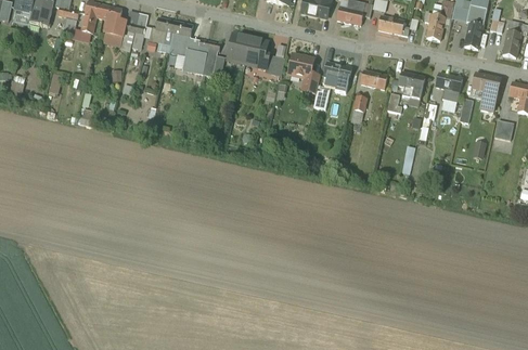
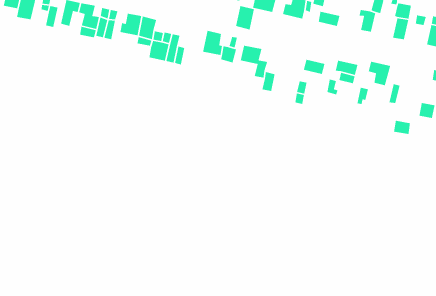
building: [227,34,249,63] -> [235,5,255,30]
building: [324,62,350,93] -> none
building: [472,74,500,112] -> none

